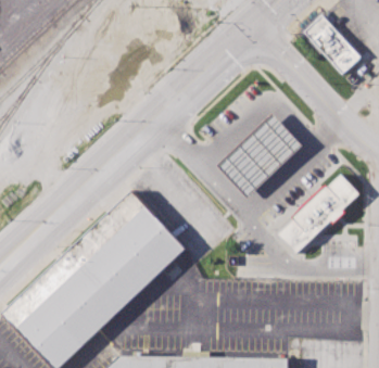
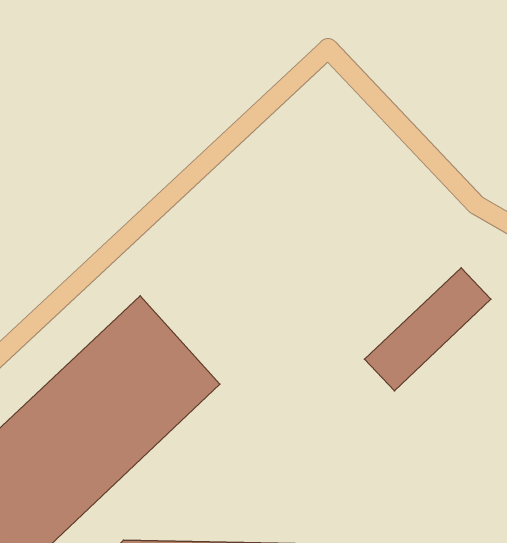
building: [304,15,359,74] -> none
building: [216,116,302,200] -> none

